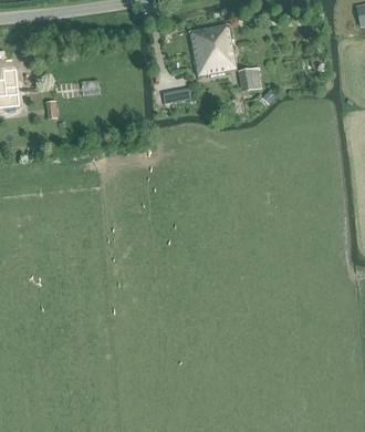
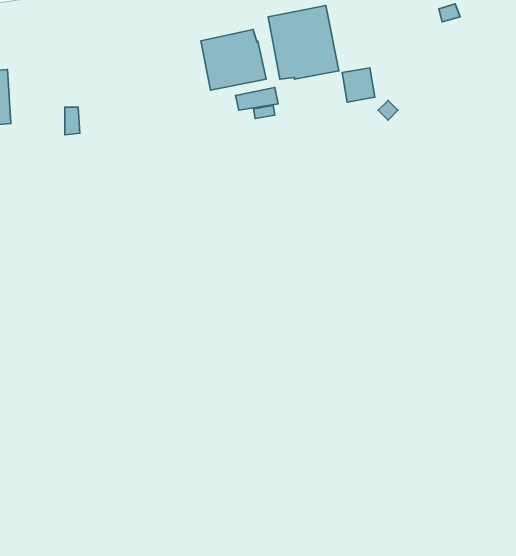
building: none -> [201,30,266,90]

